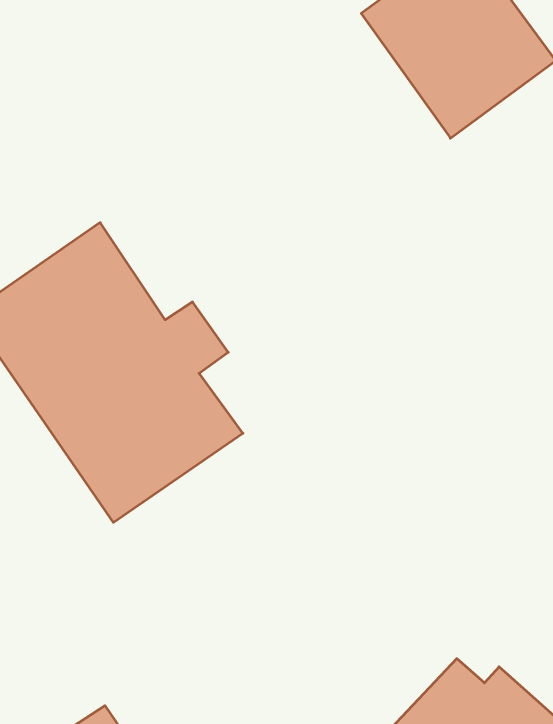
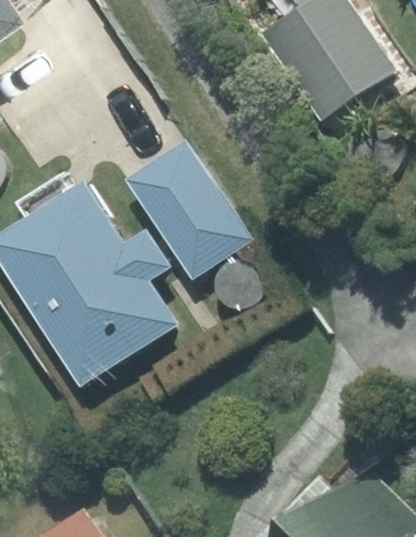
building: none -> [129,142,253,280]

